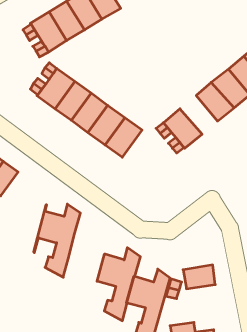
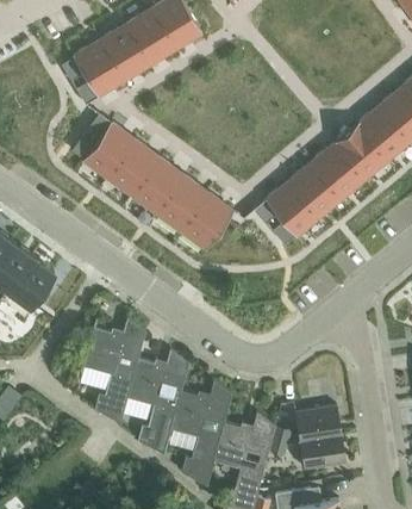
building: none -> [289,161,344,217]
building: none -> [127,350,188,455]
building: none -> [299,435,345,470]

